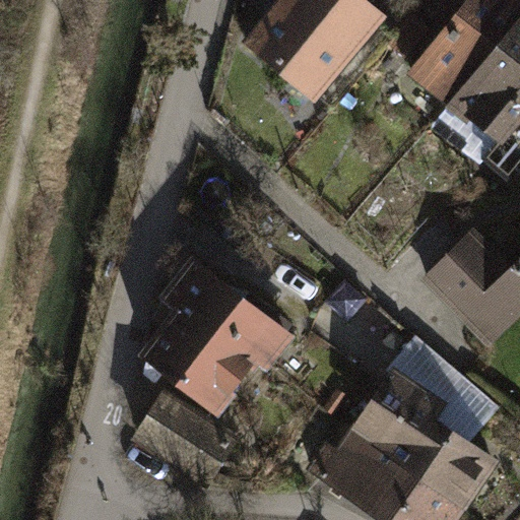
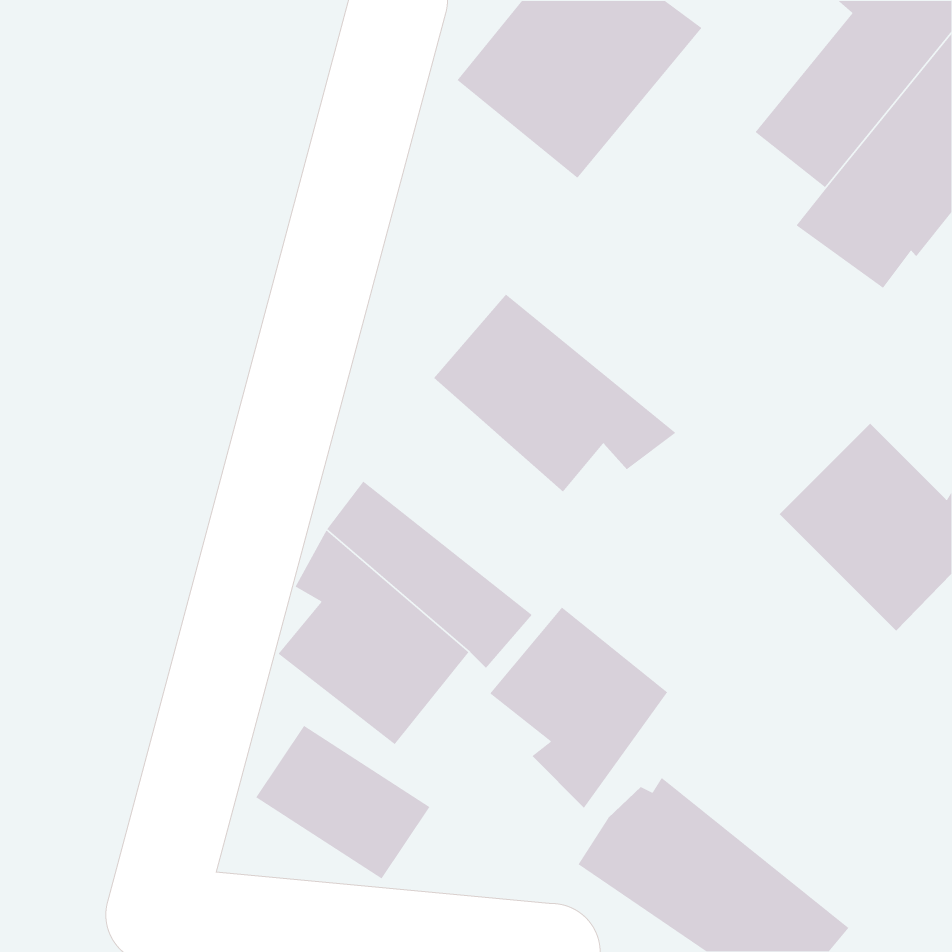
building: none -> [433,294,677,493]
building: none -> [489,607,668,809]
building: [361,336,500,506] -> none

